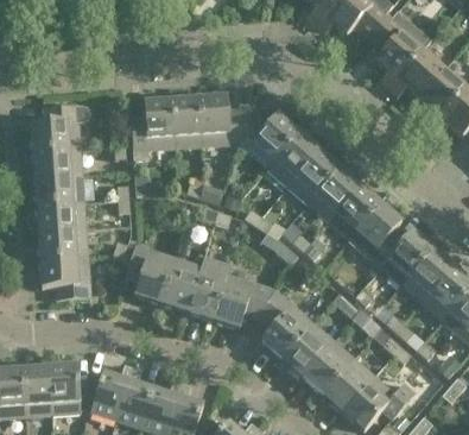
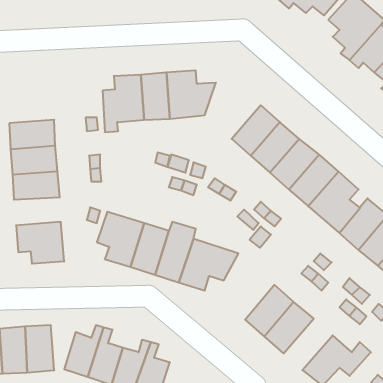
building: [31,106,90,151] -> none
building: [240,108,299,168] -> none
building: [38,229,88,259] -> none
building: [260,289,313,359] -> none
building: [323,358,375,412] -> none

